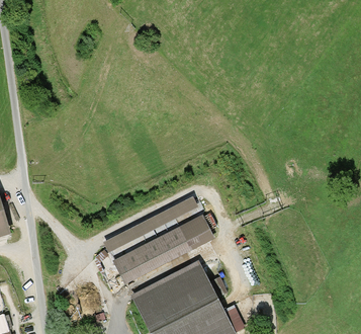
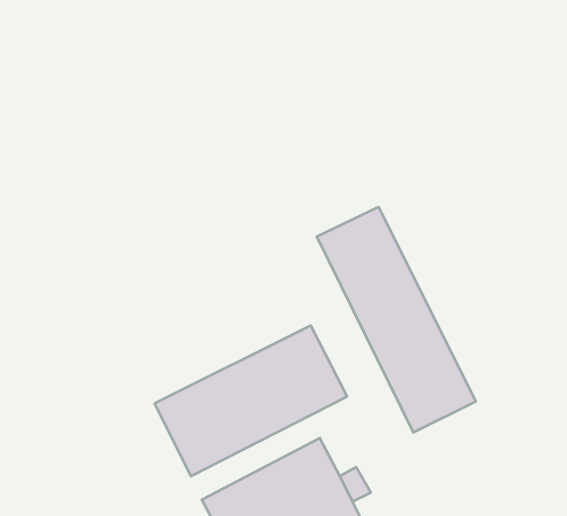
building: none -> [317,207,476,433]

